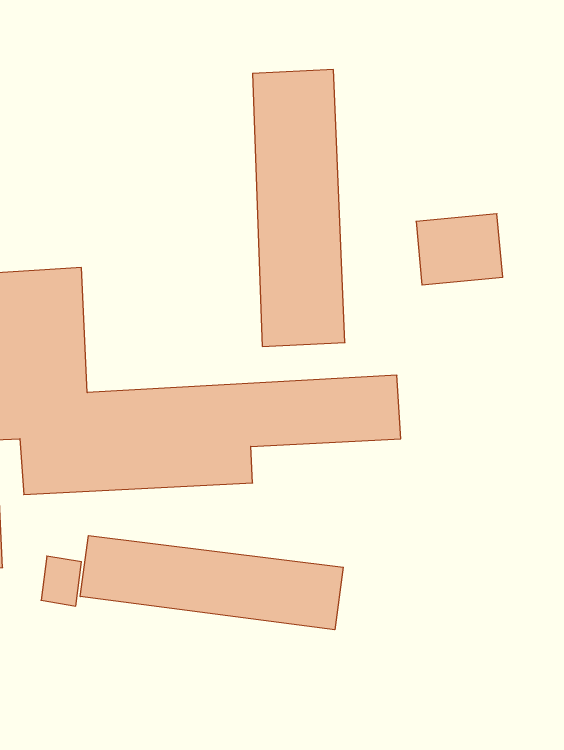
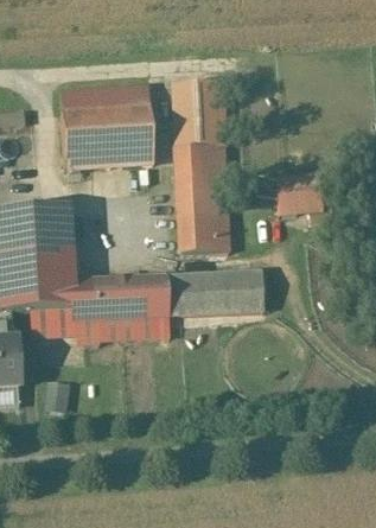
building: none -> [59,83,153,171]
building: [80,536,343,630] -> none

